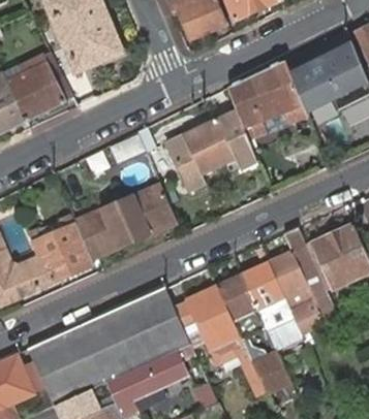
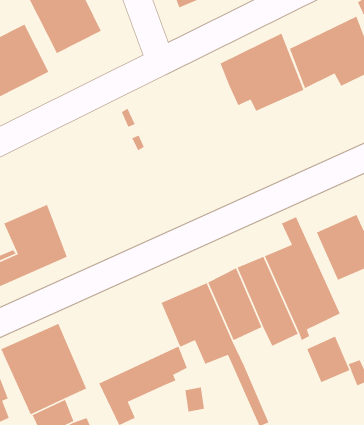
building: [166,108,256,189] -> none
building: [75,186,176,257] -> none
building: [81,286,190,384] -> none
building: [250,350,290,393] -> [306,335,350,383]

